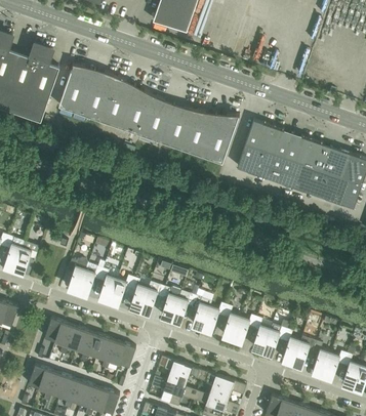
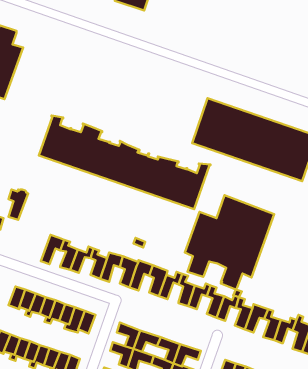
building: [58,65,239,163] -> [39,116,211,209]
building: none -> [185,195,274,289]
building: [68,260,88,292] -> [9,189,28,220]

